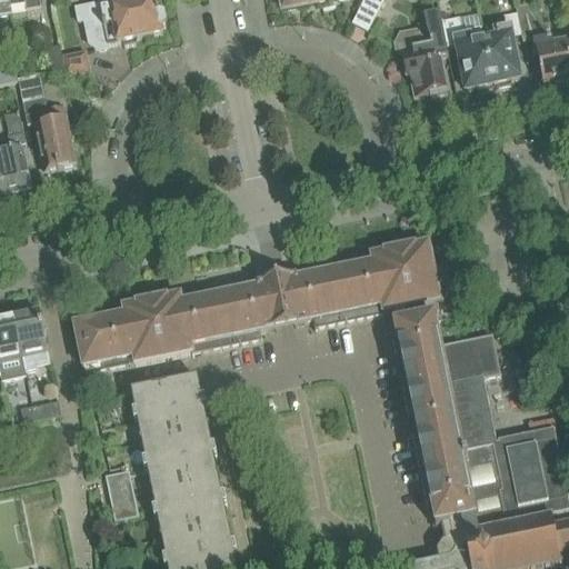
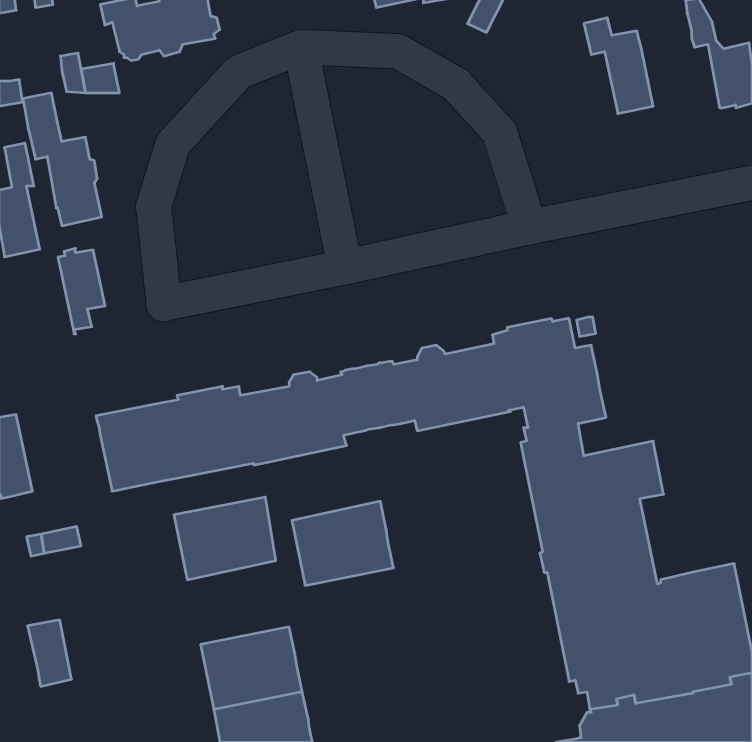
building: [395,6,448,93] -> none
building: [483,10,521,80] -> none
building: [12,306,48,370] -> [58,248,105,334]
building: [141,422,218,486] -> [292,501,394,585]
building: [104,467,138,517] -> [27,620,72,686]

